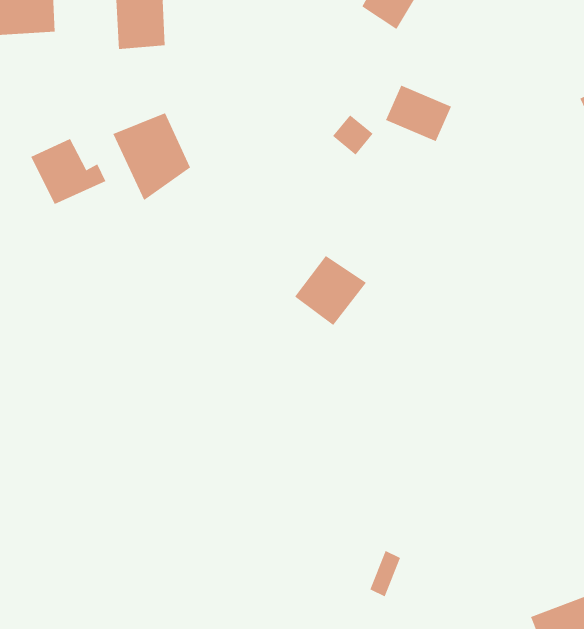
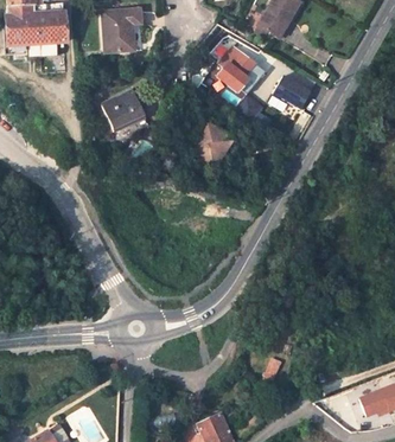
building: none -> [216,40,263,89]
building: [30,138,106,205] -> none
building: [294,255,367,326] -> [189,126,232,168]

